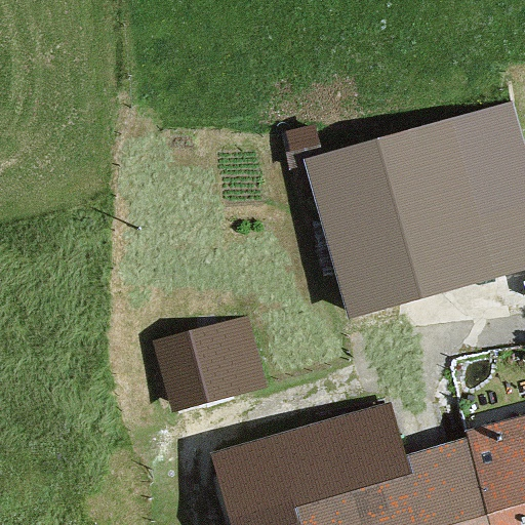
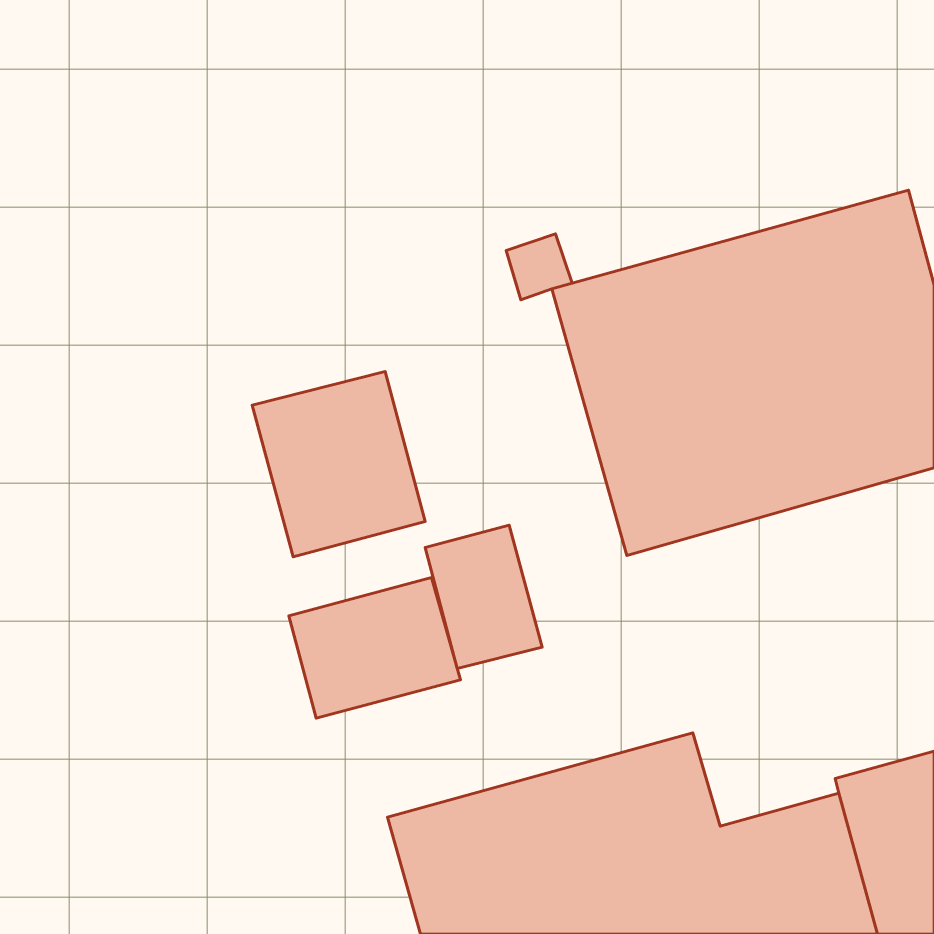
building: none -> [252,371,425,557]
building: none -> [425,525,542,668]

